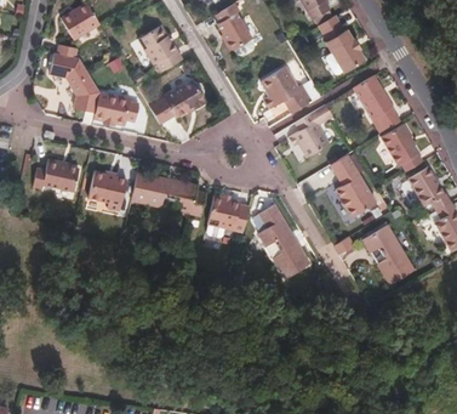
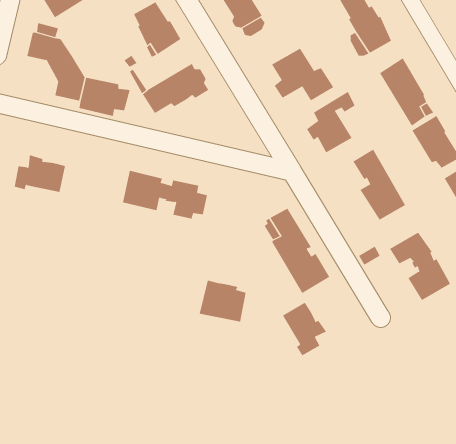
building: [86,171,126,211] -> none
building: [206,194,247,231] -> [199,280,247,322]
building: none -> [282,302,327,356]

